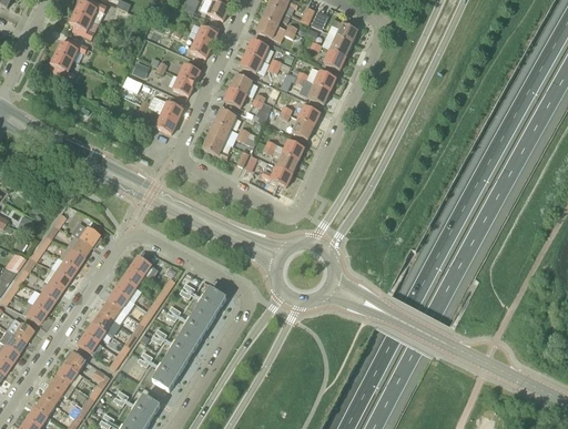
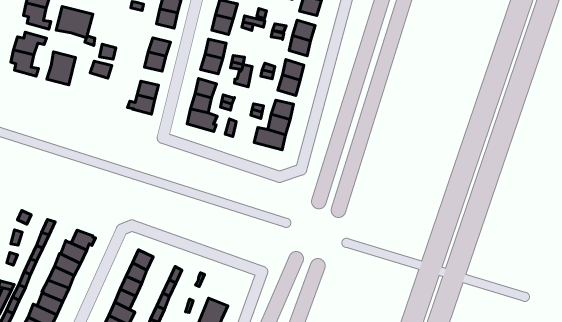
building: none -> [56,7,93,38]
building: none -> [47,52,75,85]
building: [195,287,226,320] -> none

